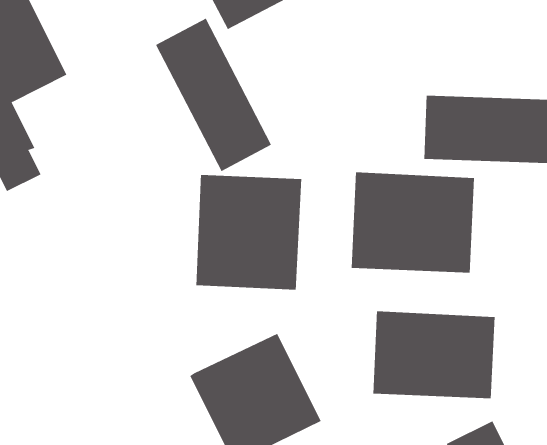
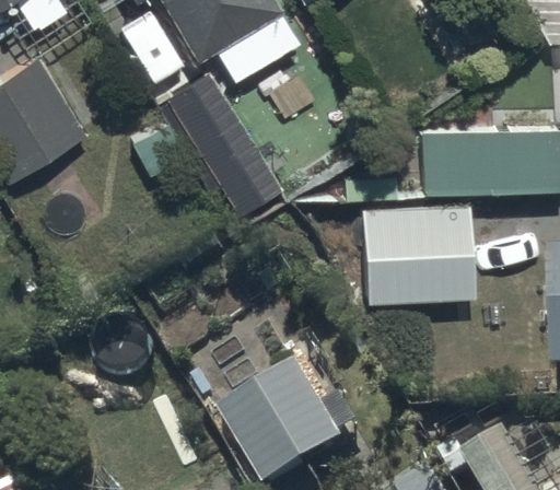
building: [196,174,302,290] -> none
building: [373,311,495,399] -> none

